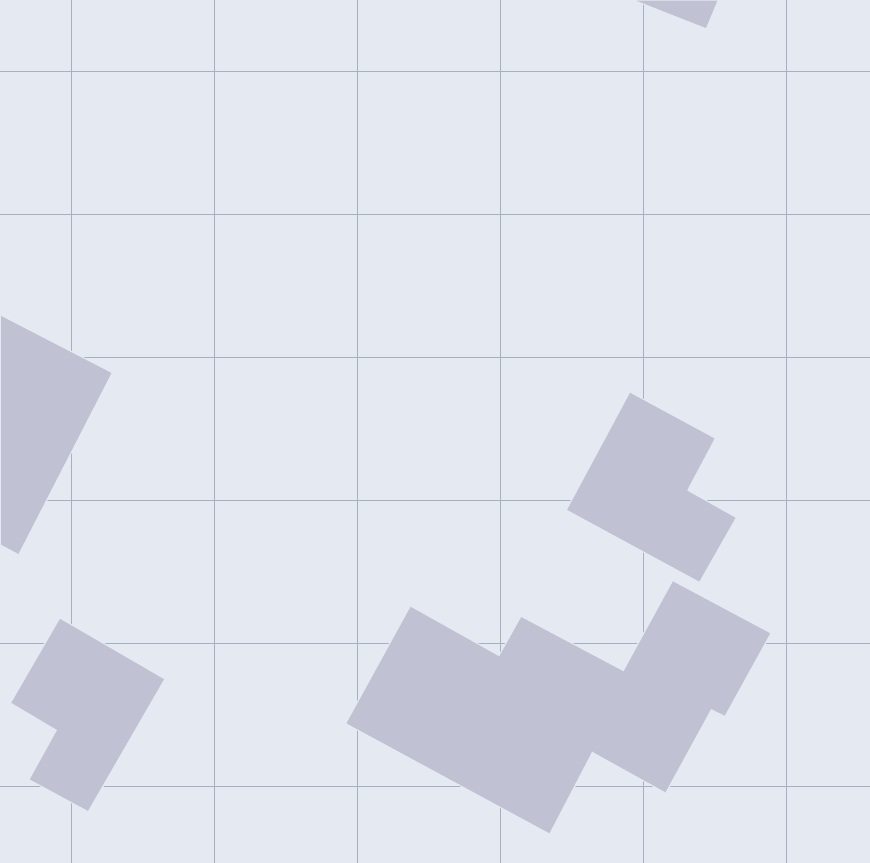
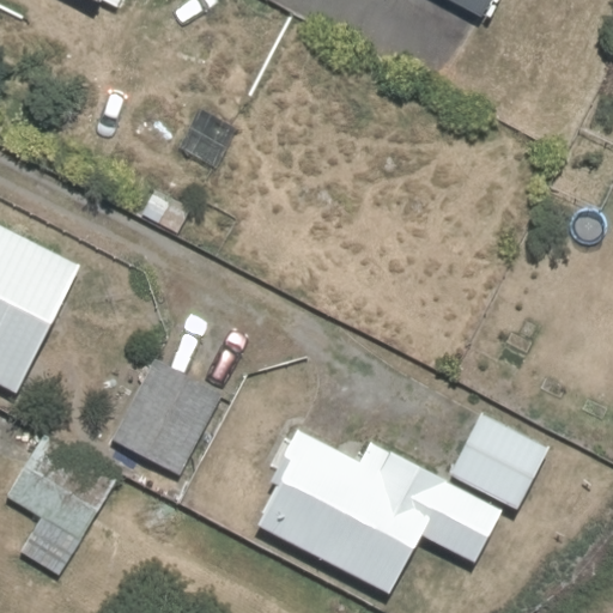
building: [566,392,736,582] -> none
building: none -> [109,358,229,486]

